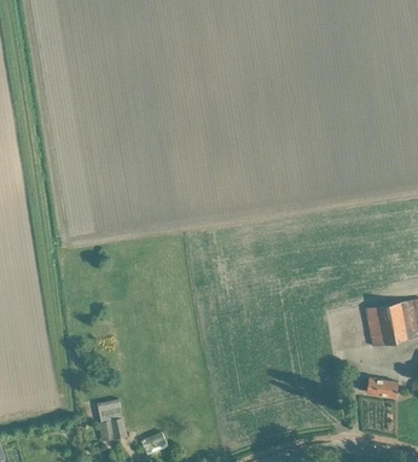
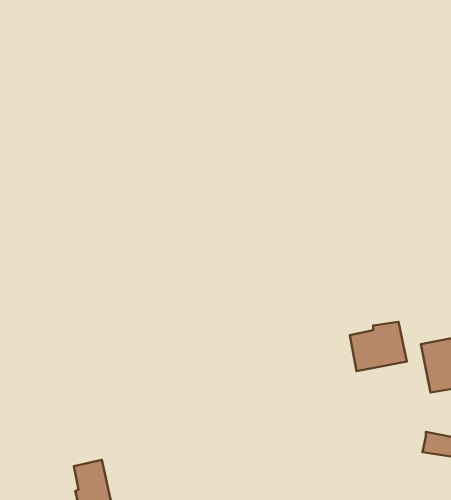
building: none -> [350,322,407,371]

